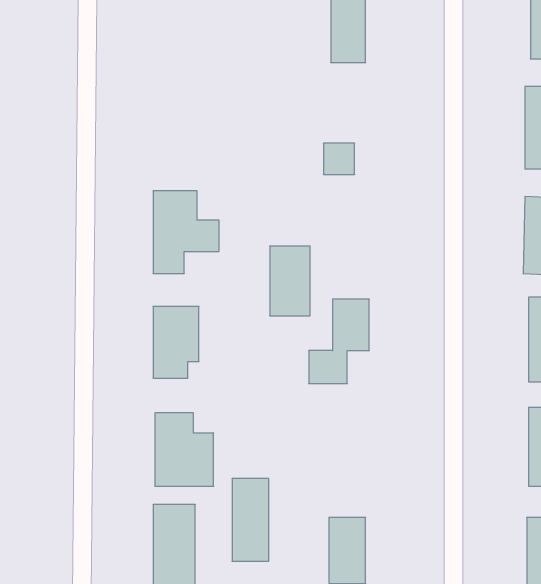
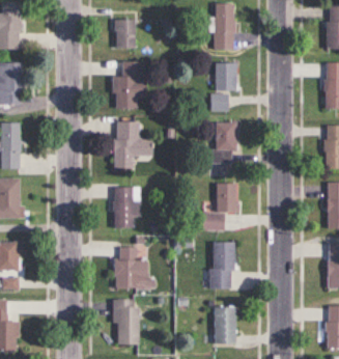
building: none -> [115,20,136,49]
building: none -> [113,61,145,109]
building: none -> [215,62,236,90]
building: [270,246,310,316] -> [214,122,236,162]
building: [232,479,269,561] -> [211,242,232,288]

